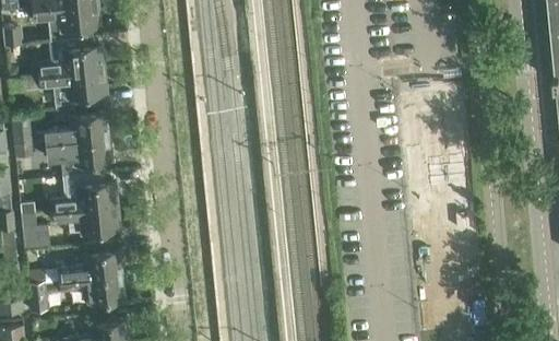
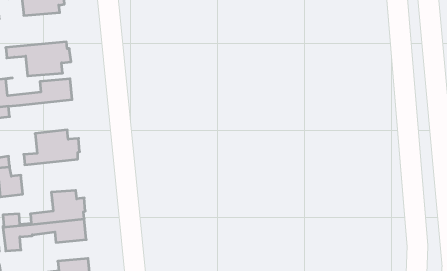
building: [31,36,103,77] -> none
building: [47,137,112,176] -> none
building: [52,205,119,233] -> none

